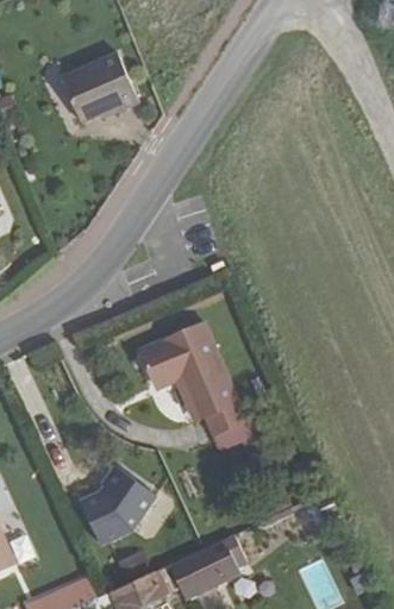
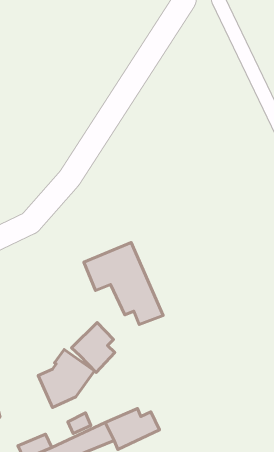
building: [61,55,137,123] -> none
building: none -> [71,322,115,373]

